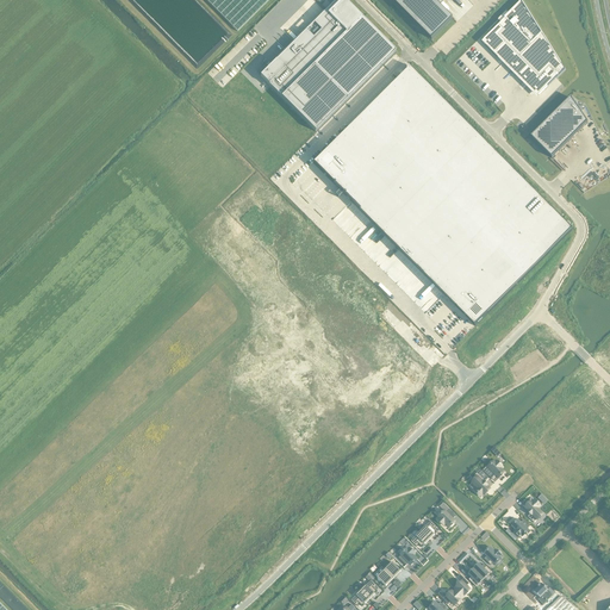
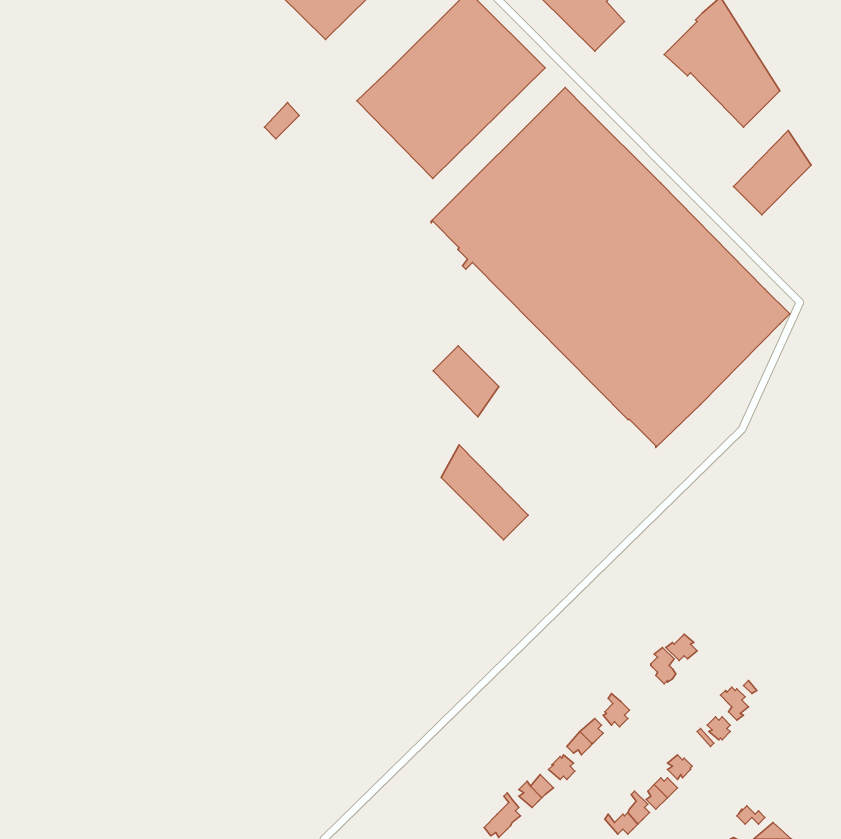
building: none -> [433,346,499,417]
building: none -> [441,445,528,540]

